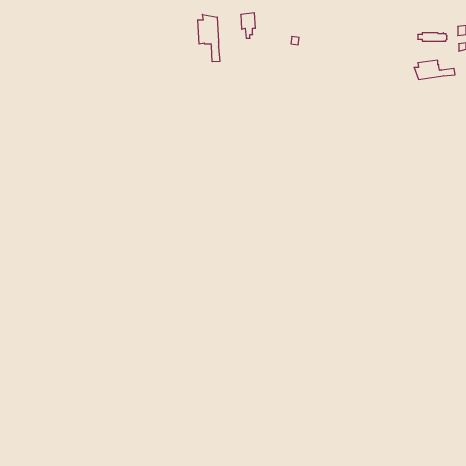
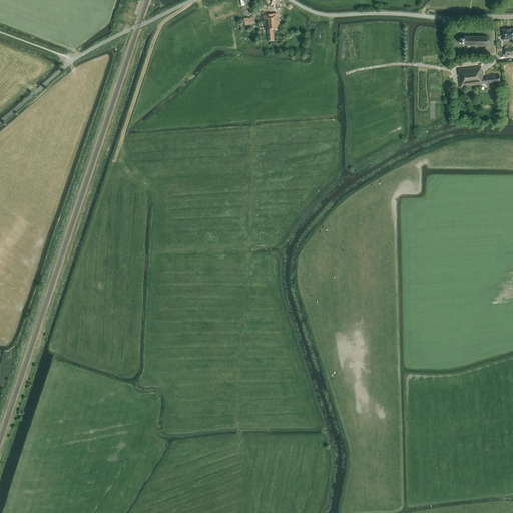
building: [198,14,220,62] -> none

